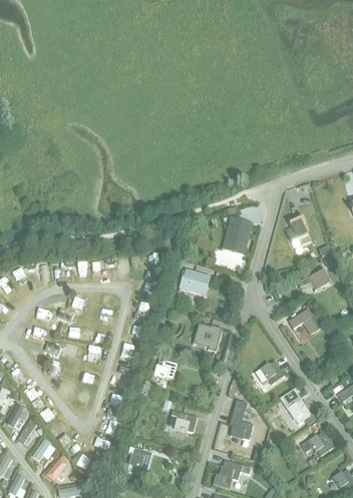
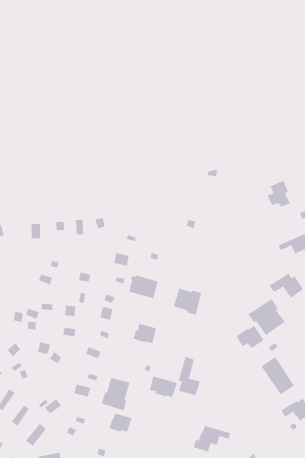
building: [222,215,253,254] -> none
building: [180,269,210,294] -> [129,274,159,299]
building: none -> [247,298,286,336]
building: [230,399,253,439] -> [178,356,201,396]
building: none -> [101,377,130,411]

